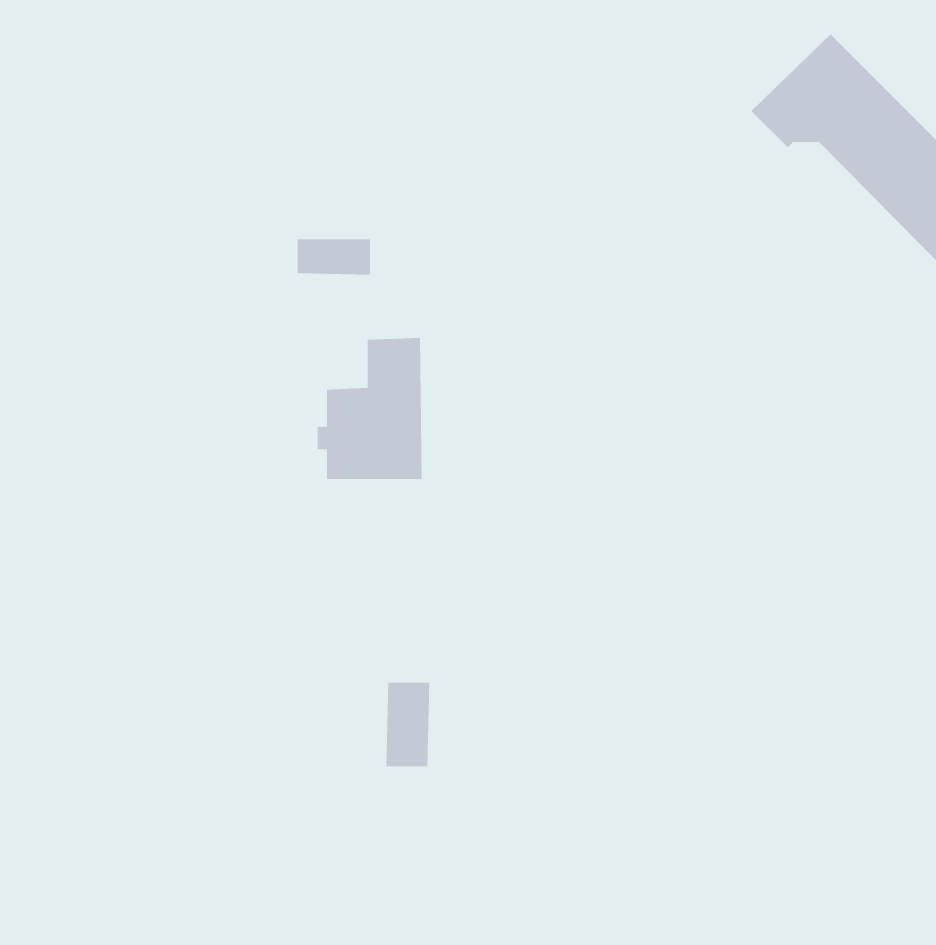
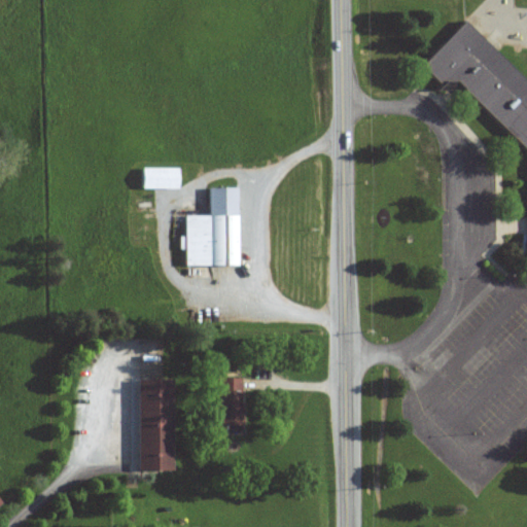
building: [297,239,371,276] -> [142,169,183,189]
building: none -> [139,381,171,471]

